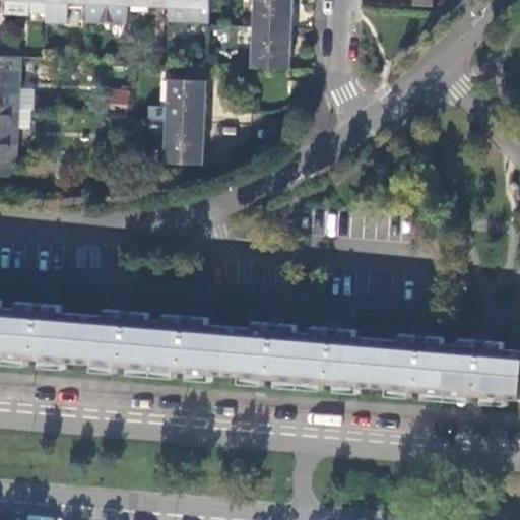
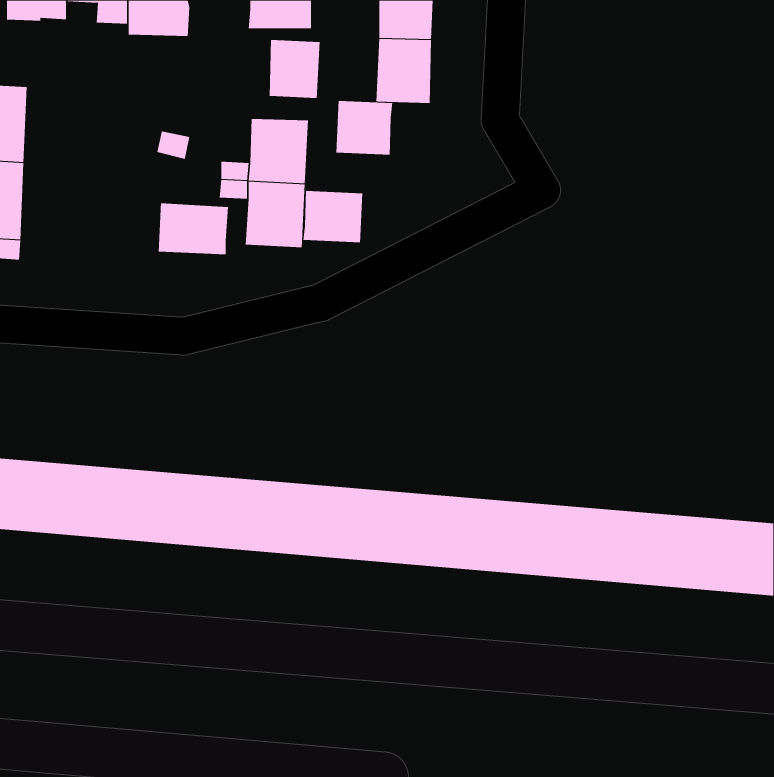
building: none -> [269,39,320,99]
building: none -> [336,100,393,156]
building: none -> [303,190,363,243]
building: none -> [158,202,229,255]

